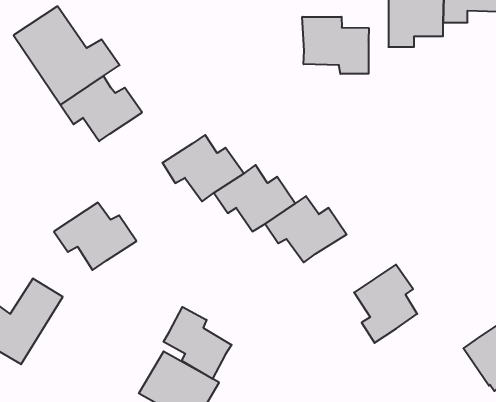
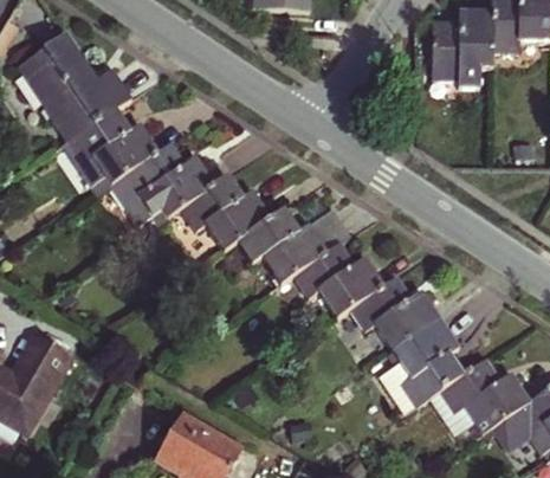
building: [302,17,369,74] -> none
building: [54,203,136,270] -> [123,143,214,218]
building: none -> [350,277,439,350]
building: none -> [439,360,529,433]
building: [164,307,232,379] -> none

